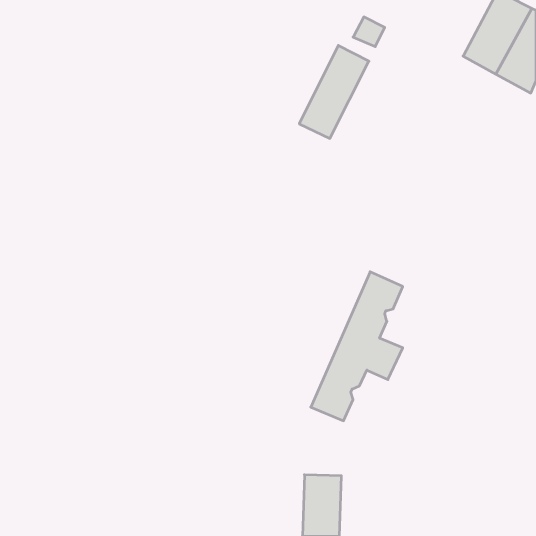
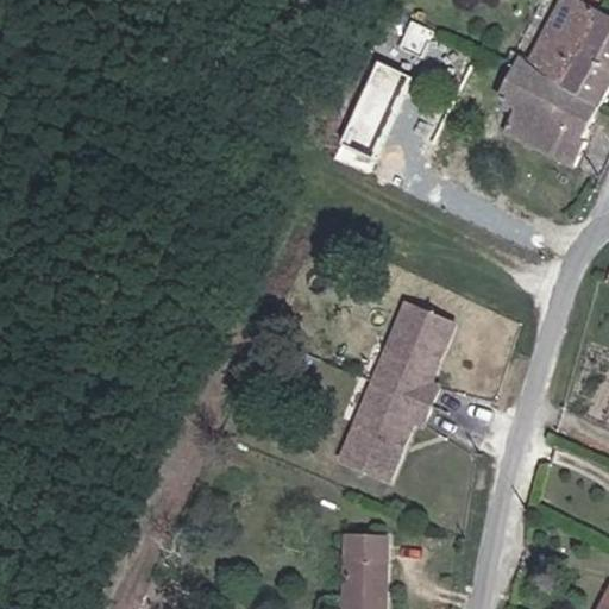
building: none -> [496,59,597,167]

